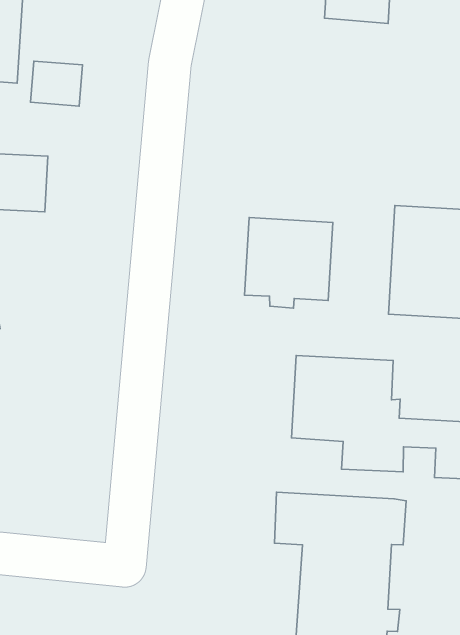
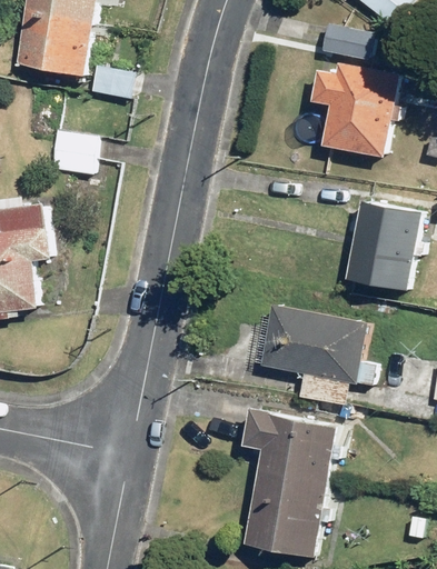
building: none -> [310,62,397,156]
building: [245,217,333,308] -> none

